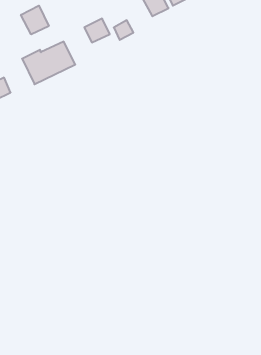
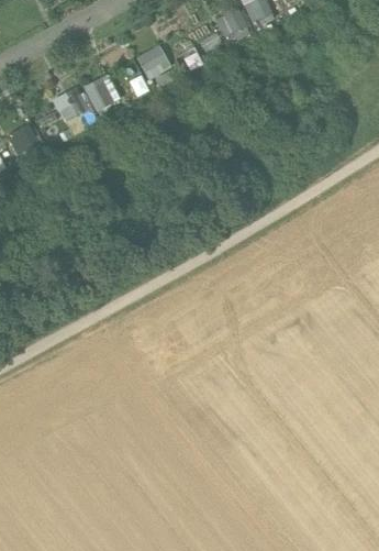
building: [21,6,49,34] -> none

